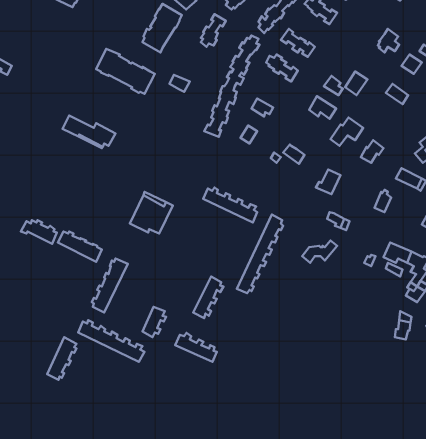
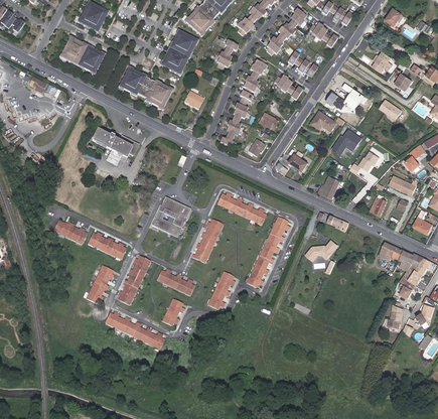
building: none -> [62,38,106,74]
building: none -> [190,219,222,262]
building: [175,333,217,362] -> [156,268,193,294]
building: [47,337,76,380] -> [87,265,113,303]

